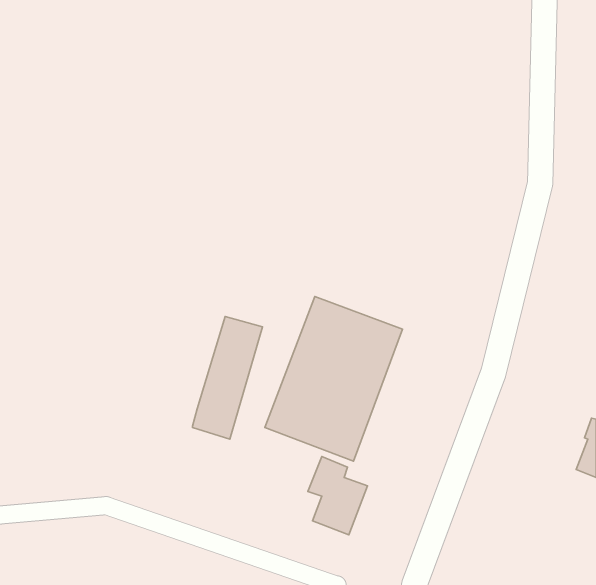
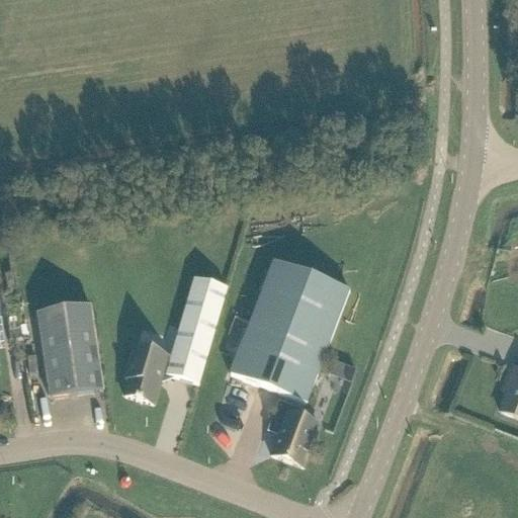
building: none -> [37,300,103,394]
building: none -> [124,342,171,400]

